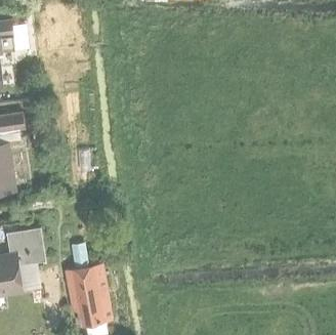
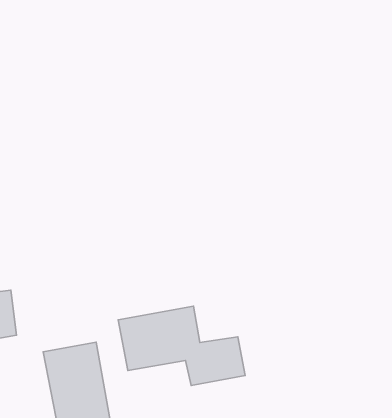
building: none -> [118,306,245,386]

